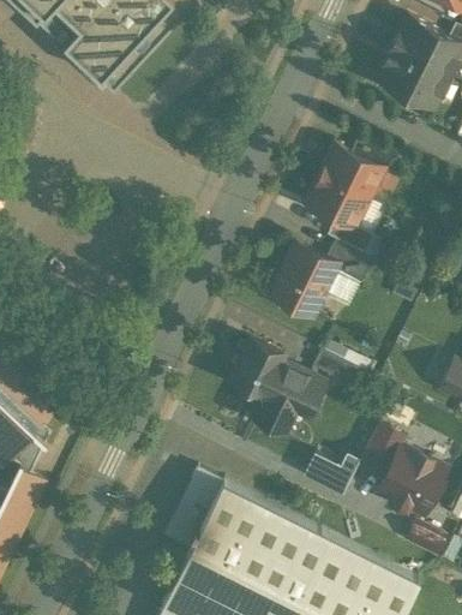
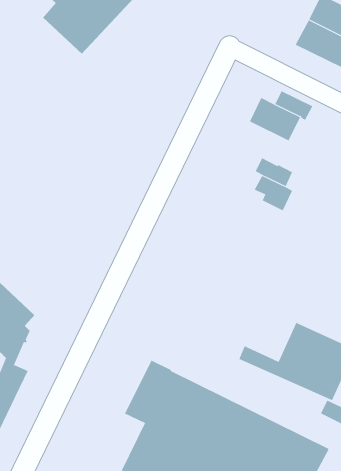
building: [305,175,368,229] -> none
building: [270,244,338,317] -> none
building: [229,341,324,434] -> none
building: [312,351,356,386] -> none

